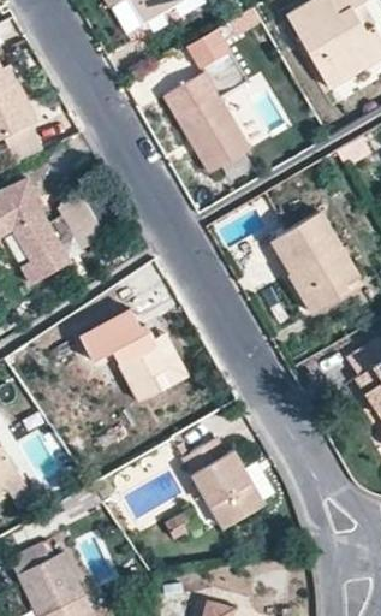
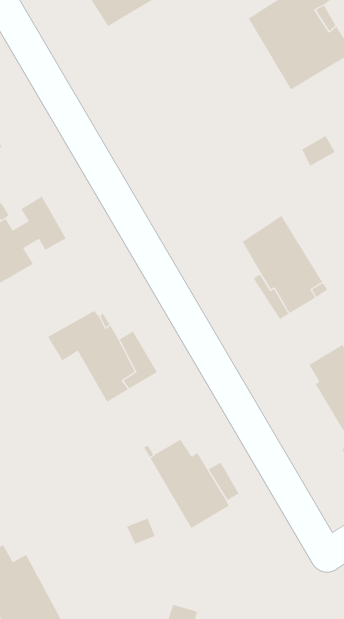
building: [163,23,250,174] -> none

